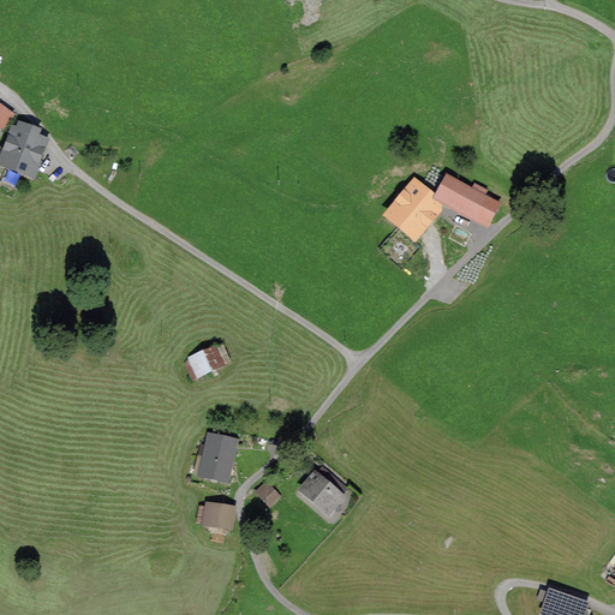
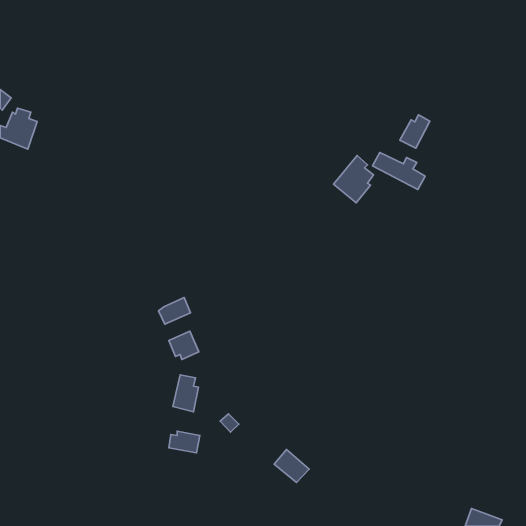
building: none -> [400,115,430,148]
building: none -> [169,331,199,359]
building: [301,473,342,512] -> [274,450,309,483]

